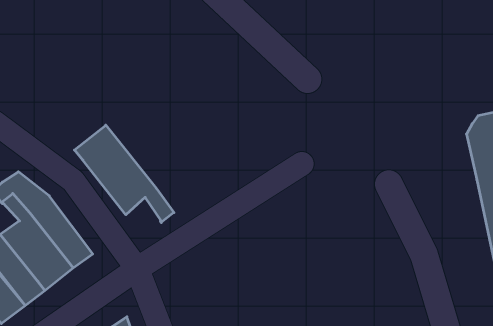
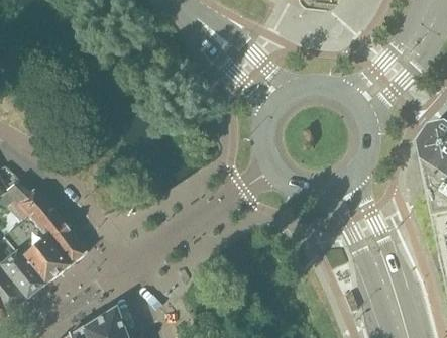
building: [74,125,174,223] -> none

